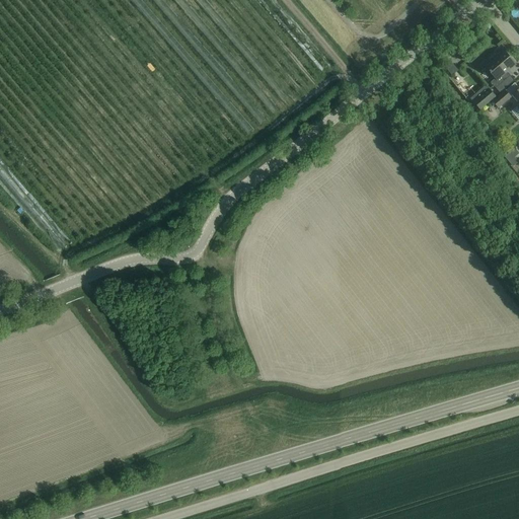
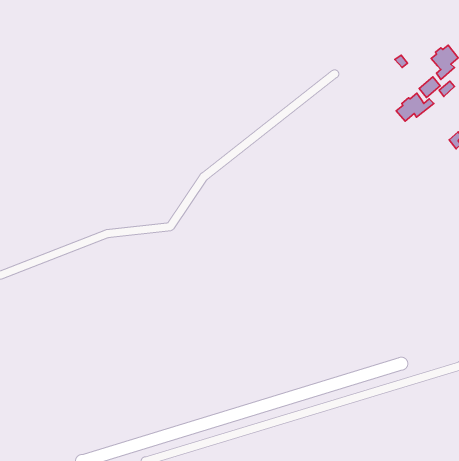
building: none -> [396,93,434,121]

